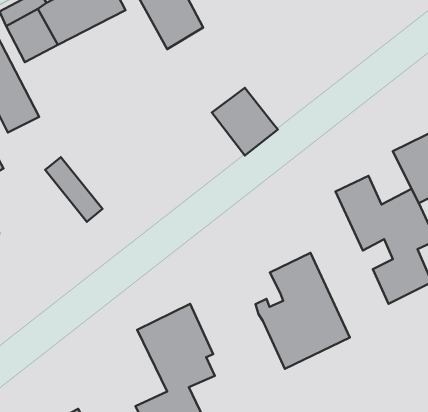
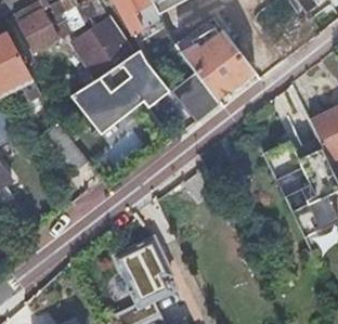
building: none -> [73,18,166,130]
building: none -> [182,31,255,100]
building: [255,253,350,369] -> none

